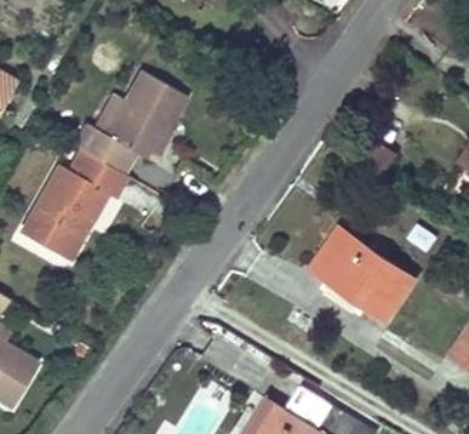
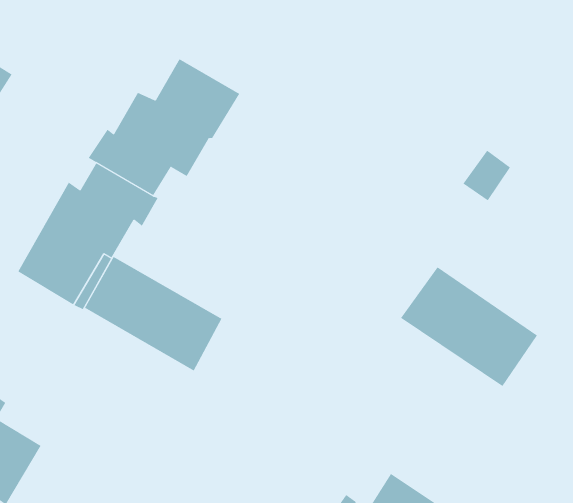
building: none -> [84,256,222,372]

